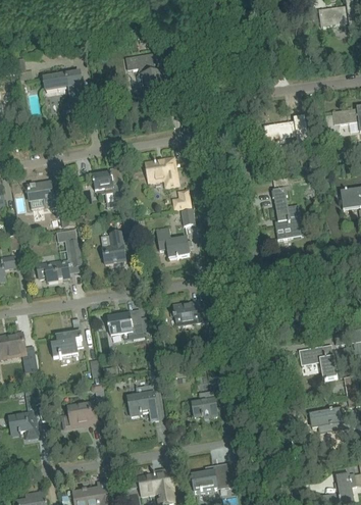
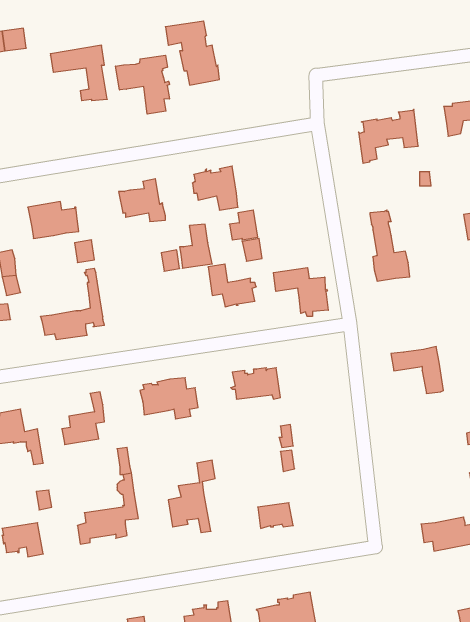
building: none -> [116,55,170,114]
building: none -> [273,268,328,316]
building: [102,232,125,263] -> [180,224,212,268]
building: [299,344,337,377] -> [391,347,443,393]

